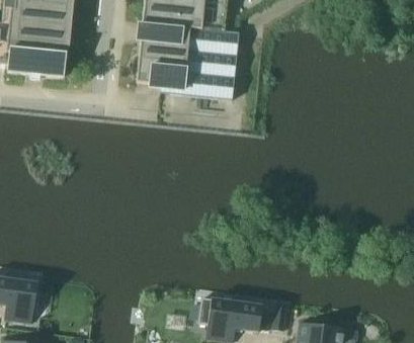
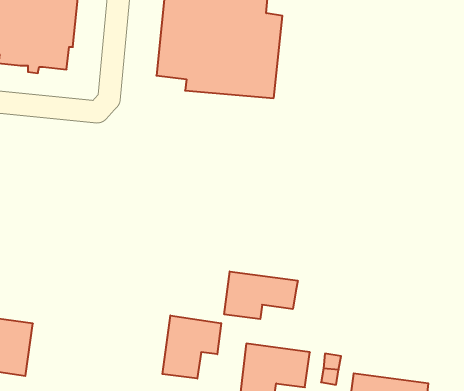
building: none -> [224,271,298,319]
building: none -> [162,315,221,379]

